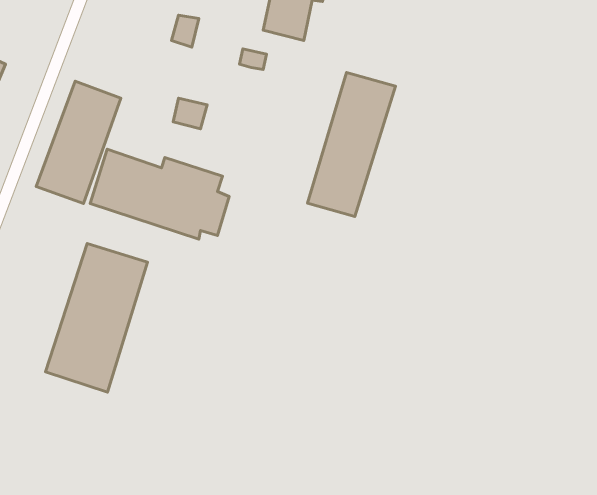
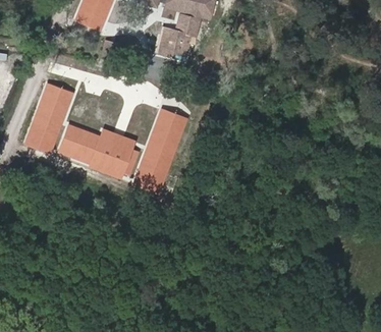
building: [308,72,396,217] -> [133,109,186,196]
building: [45,243,148,392] -> none

